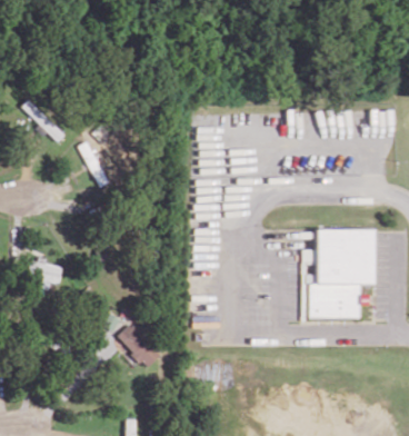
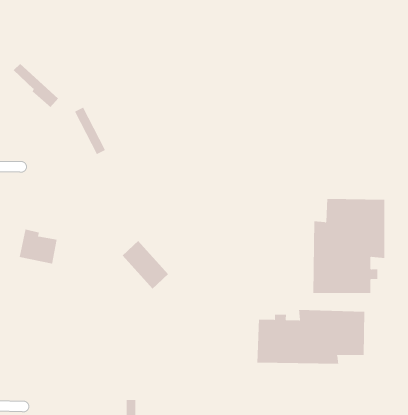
building: [119,321,163,368] -> [122,240,169,289]
building: none -> [257,309,365,365]

